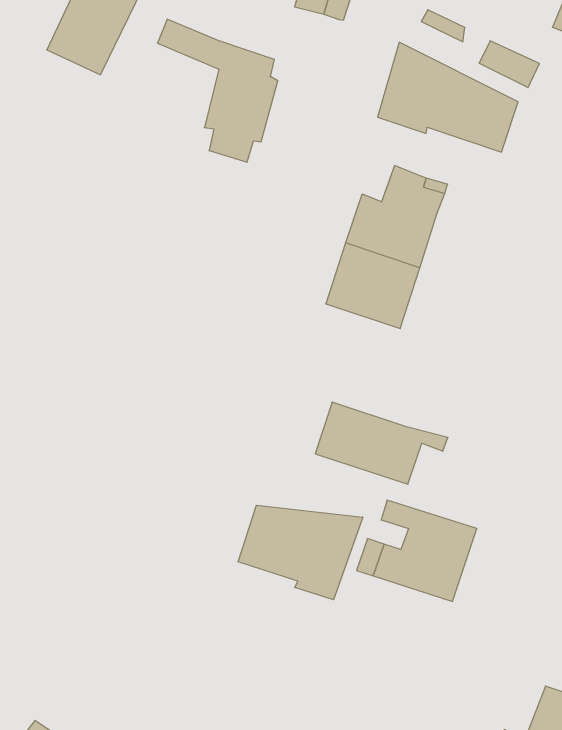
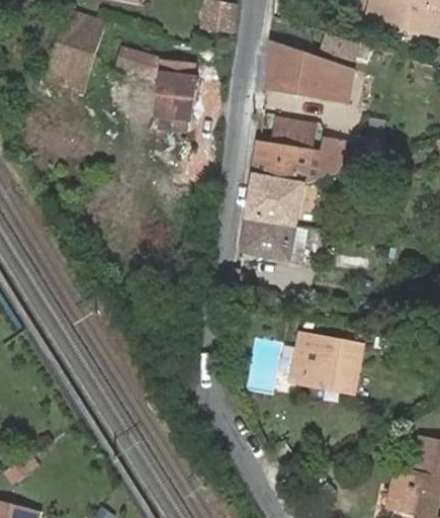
building: none -> [303,135,346,183]
building: [315,402,448,484] -> [241,214,324,260]
building: [238,505,363,600] -> none

